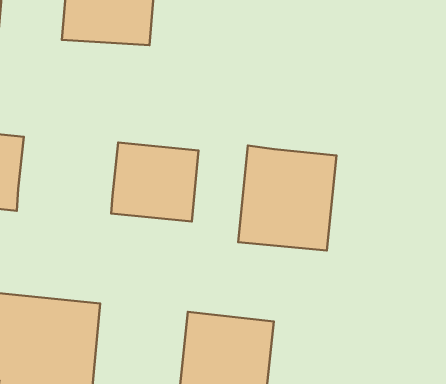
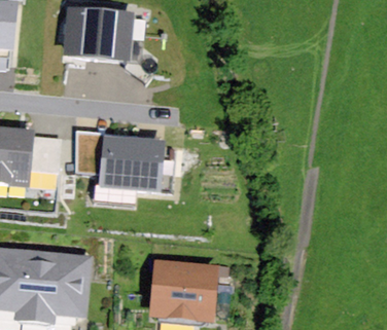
building: none -> [29,130,61,172]
building: none -> [75,131,104,174]
building: [238,145,336,250] -> none

